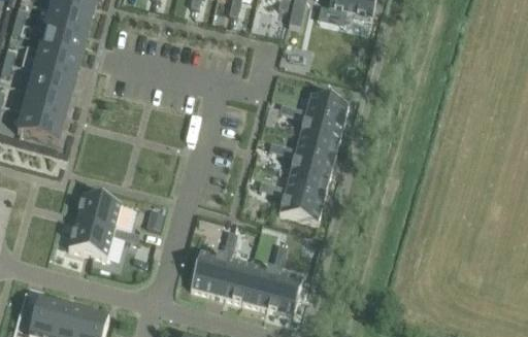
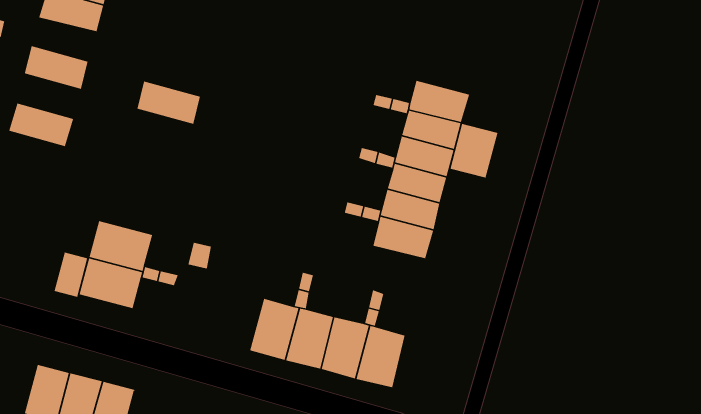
building: [33,48,80,79] -> none
building: [23,89,69,121] -> [136,80,201,125]
building: none -> [449,123,498,179]
building: none -> [54,251,88,298]

